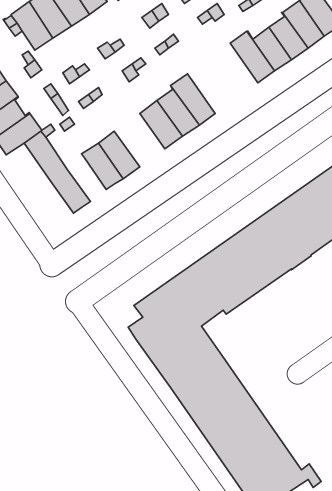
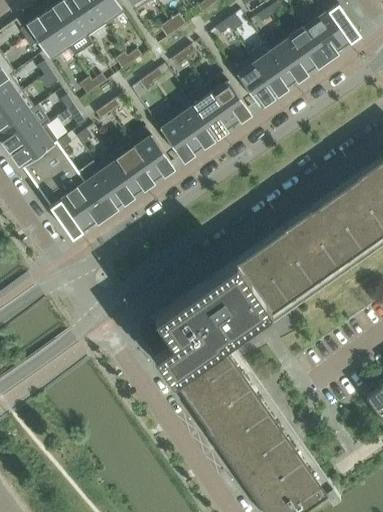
building: none -> [235,56,277,108]
building: none -> [206,75,252,127]
building: none -> [132,137,175,181]
building: none -> [23,157,91,240]
building: none -> [85,168,124,216]

